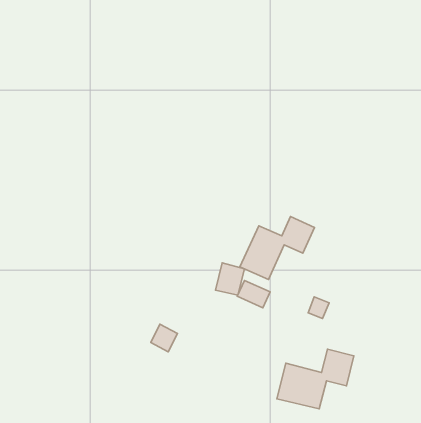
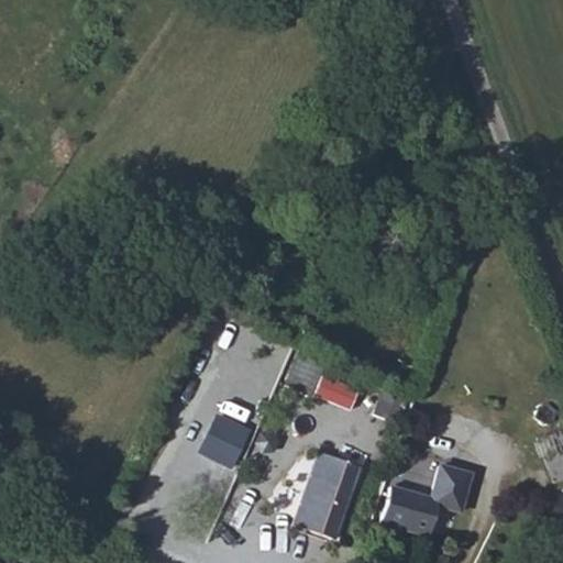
building: [240,217,314,279] -> none
building: none -> [289,448,364,541]

